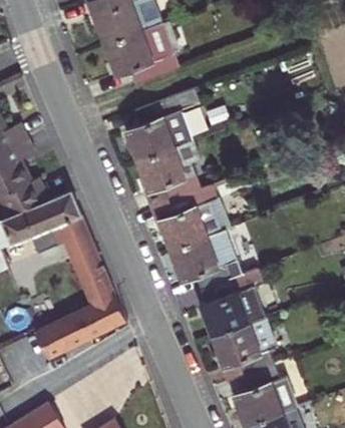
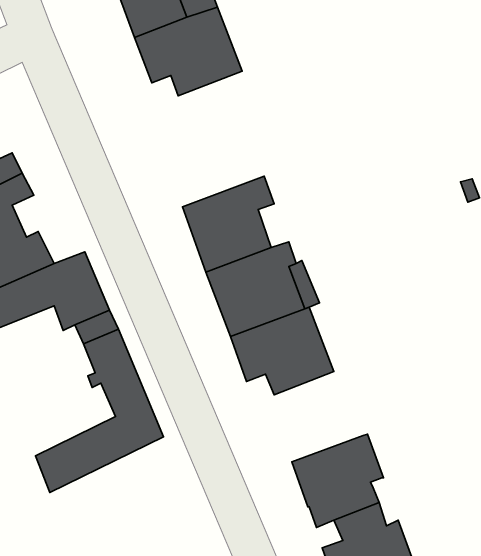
building: [125,89,200,161] -> none
building: [201,270,262,337] -> none

